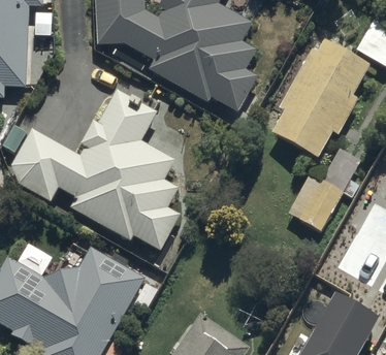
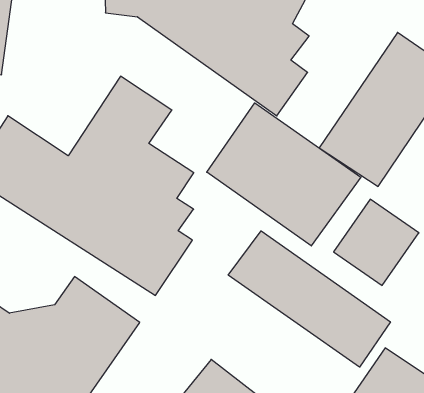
building: none -> [207,103,361,246]
building: none -> [228,231,390,367]

